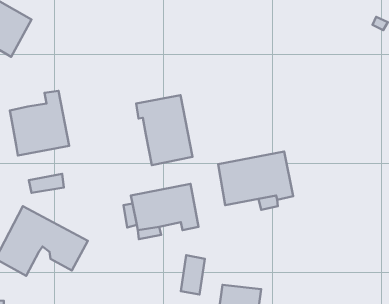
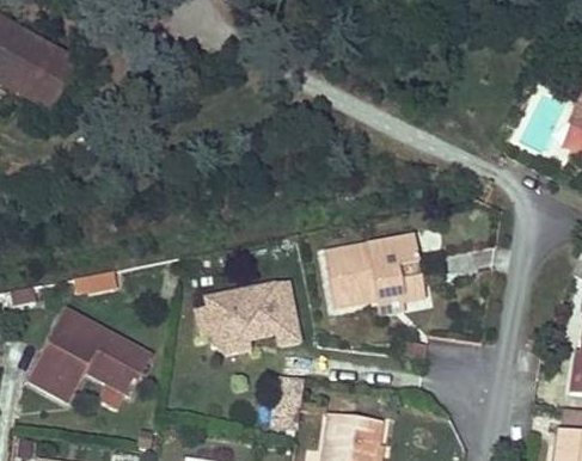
building: [10,91,69,156] -> none
building: [136,95,192,165] -> none

